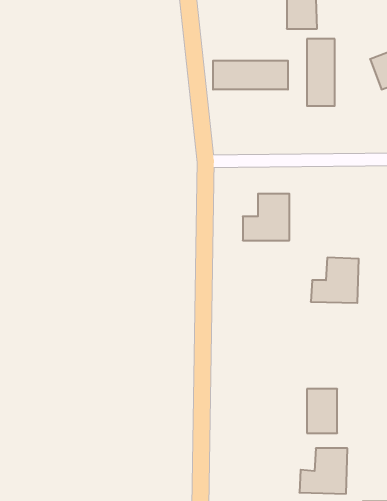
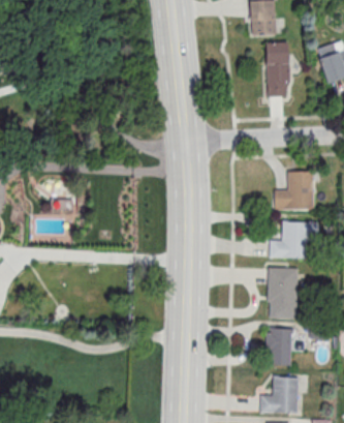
building: [213,61,288,90] -> none
building: [243,194,289,240] -> [275,171,313,209]
building: none -> [269,267,299,318]

